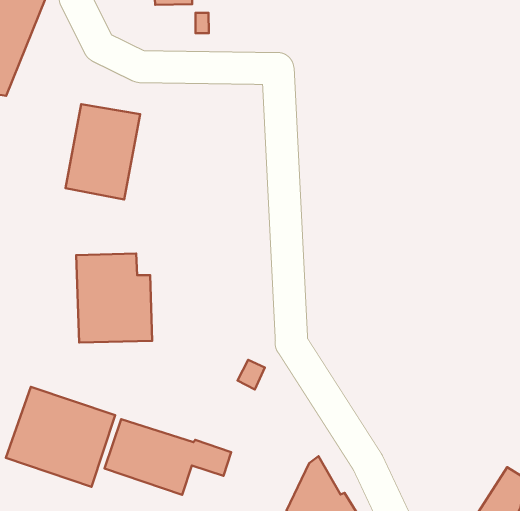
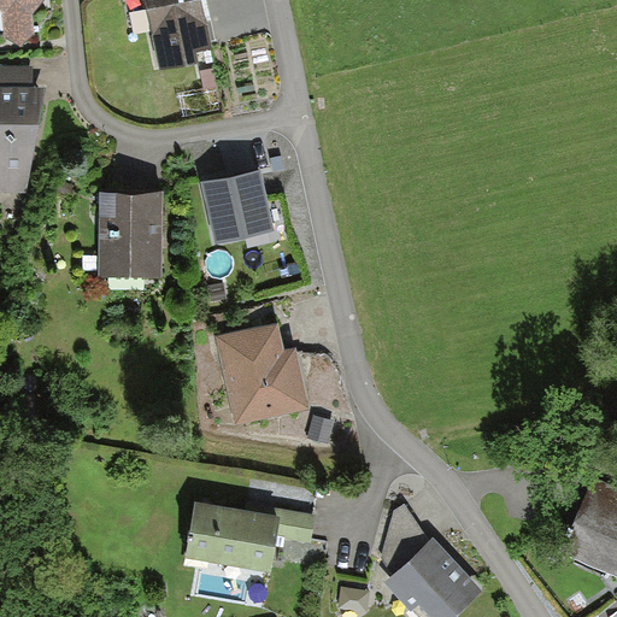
building: none -> [200,168,272,241]
building: [76,254,152,343] -> [216,327,307,427]
building: [6,387,115,487] -> none

